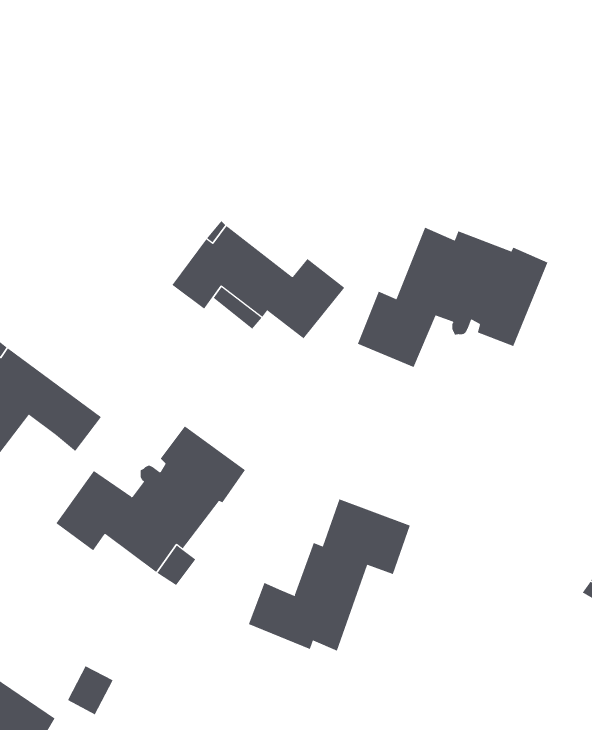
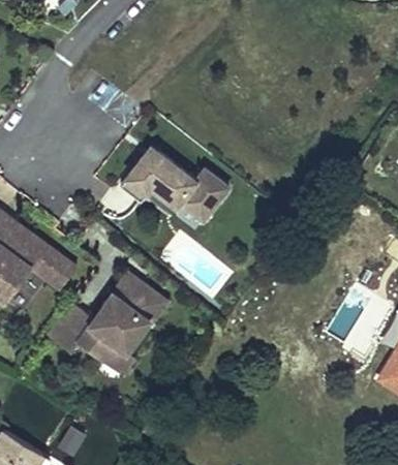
building: [357,227,548,368] -> none
building: [248,499,410,652] -> none

